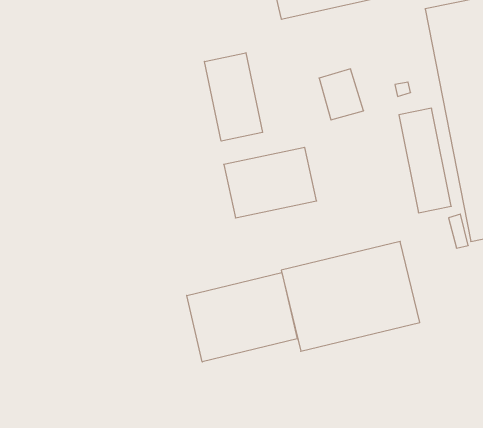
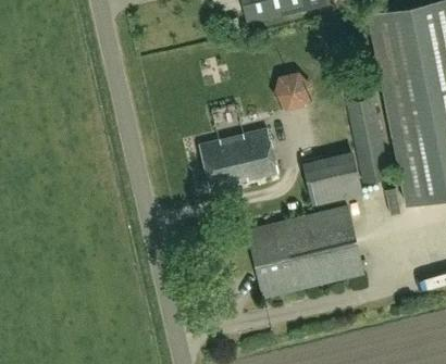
building: [204,53,263,141] -> none
building: none -> [302,151,363,205]
building: [187,273,297,362] -> none

